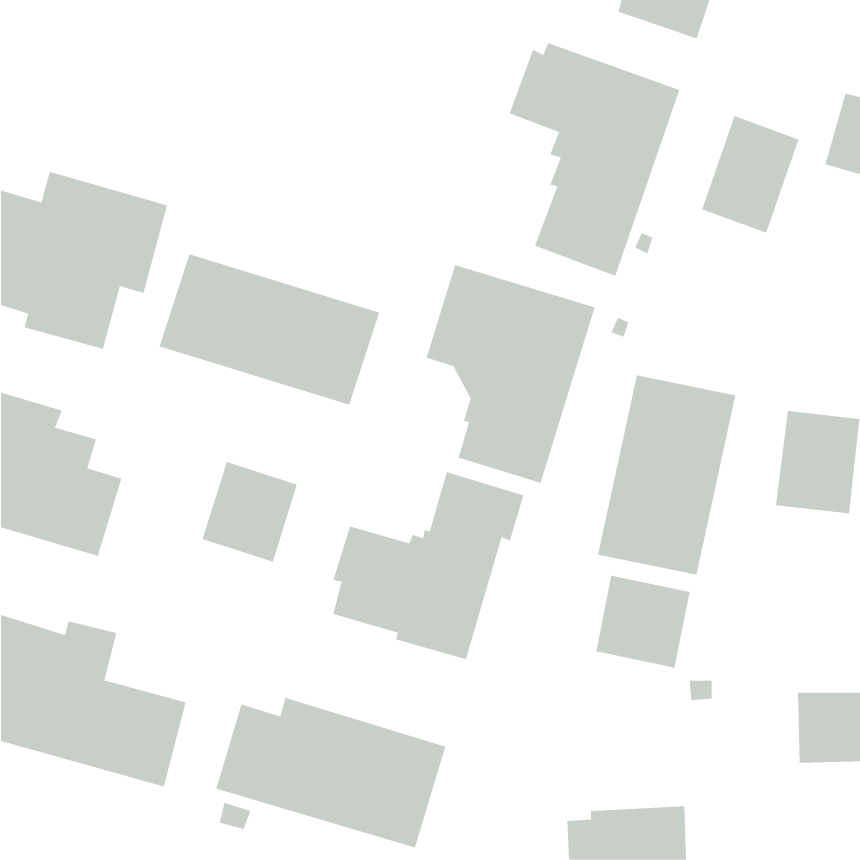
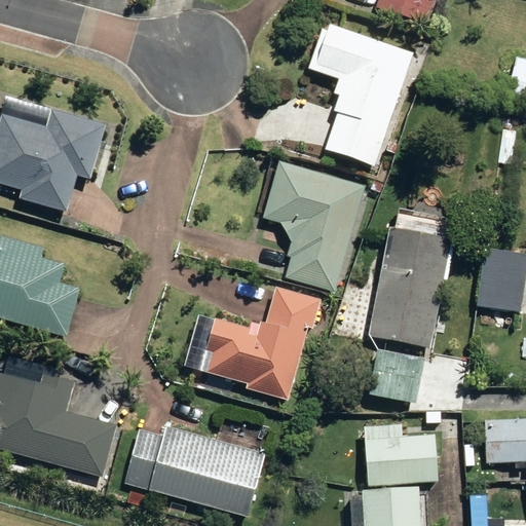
building: [701,115,799,234] -> none
building: [159,253,380,405] -> none
building: [202,461,298,563] -> none
building: none -> [362,425,437,486]

